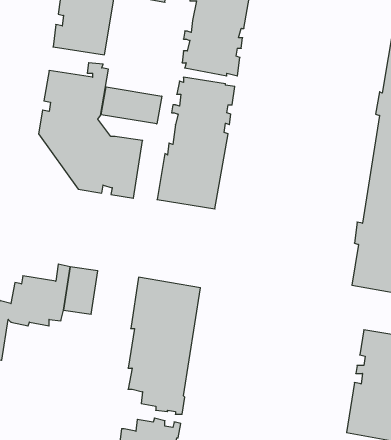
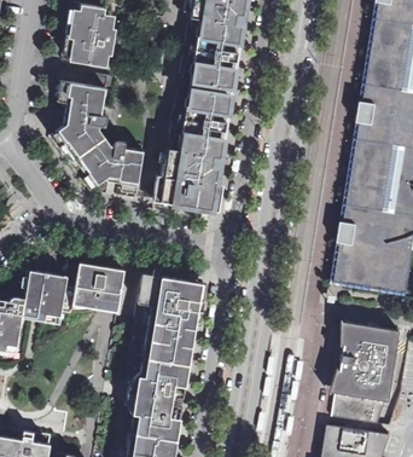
building: [101,87,162,124] -> none
building: none -> [98,265,122,307]
building: none -> [124,374,176,412]

